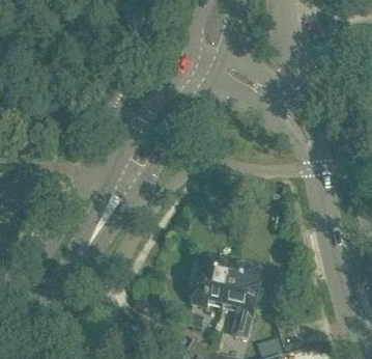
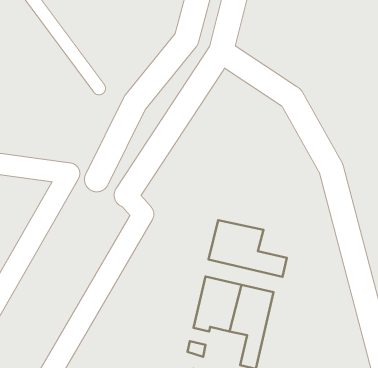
building: none -> [209,220,287,277]

